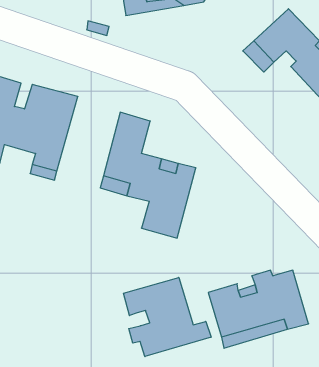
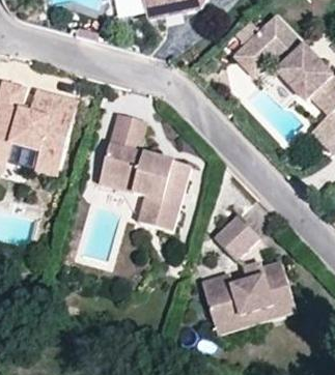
building: none -> [215,215,258,260]
building: [123,277,211,357] -> none

